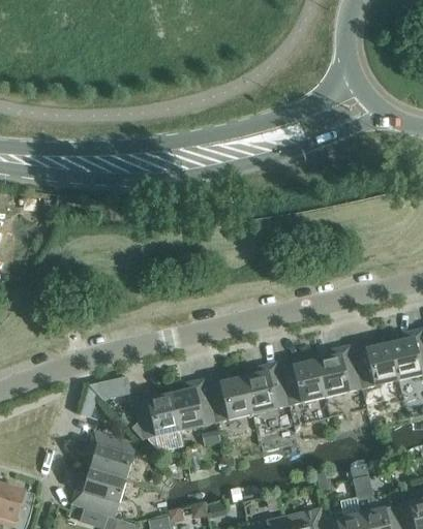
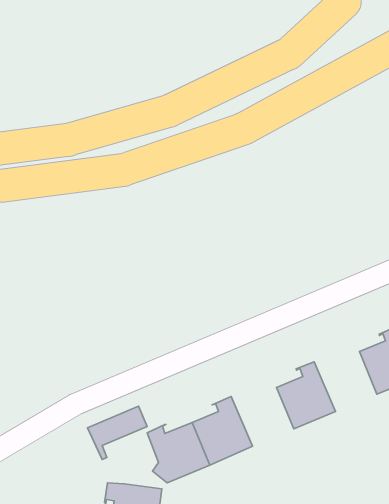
building: [278,357,325,405] -> none
building: [206,374,252,422] -> none

